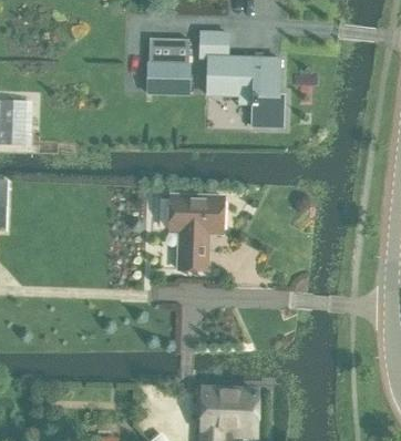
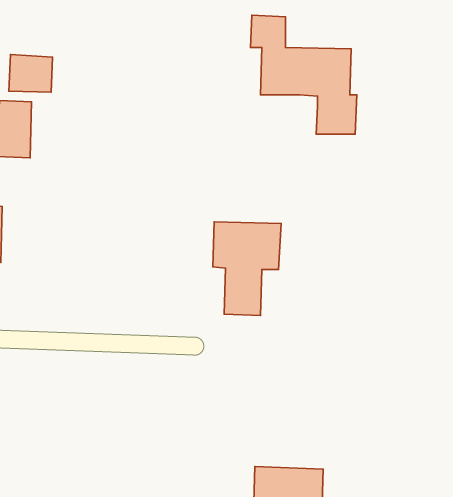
building: [147,38,189,93] -> none
building: none -> [9,55,53,92]

